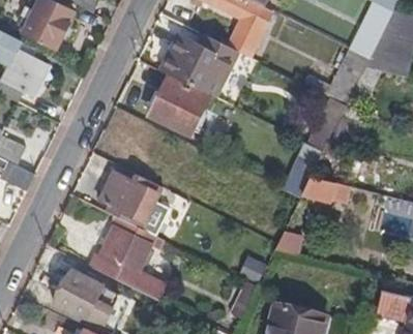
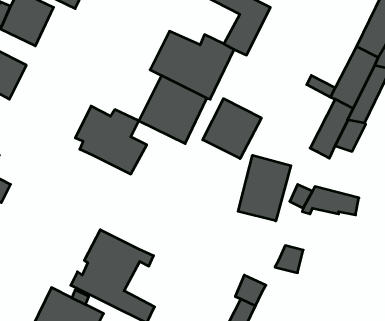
building: none -> [203,99,261,159]
building: none -> [238,155,291,221]
building: [99,172,165,234] -> [75,106,147,174]

